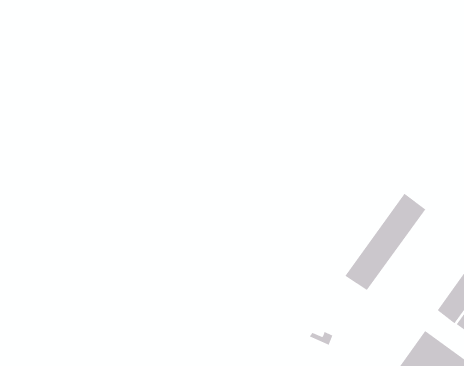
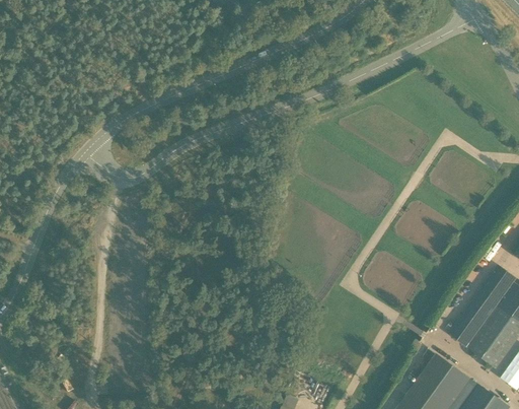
building: [344,193,426,291] -> none

